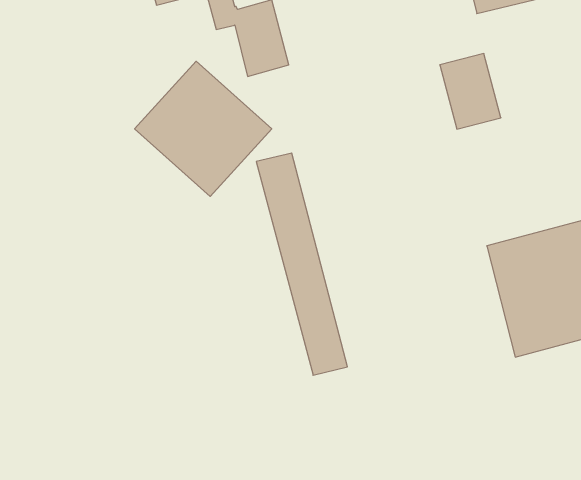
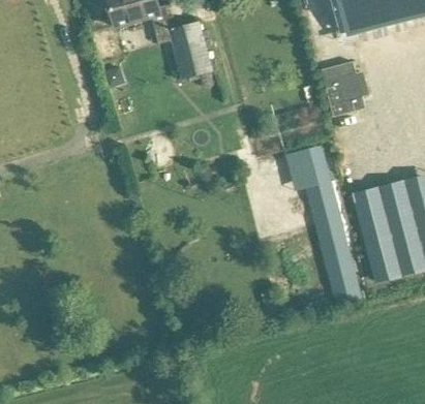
building: [135,61,272,196] -> none
building: [256,153,347,375] -> [295,145,361,306]

